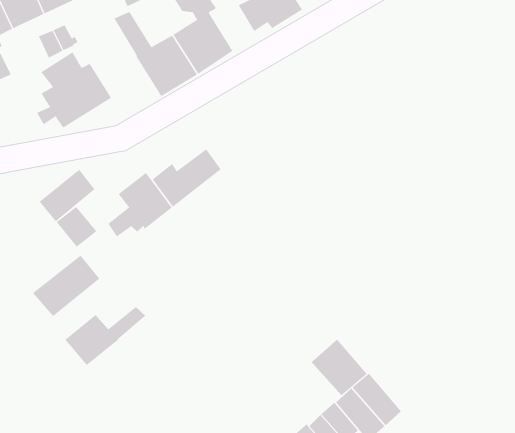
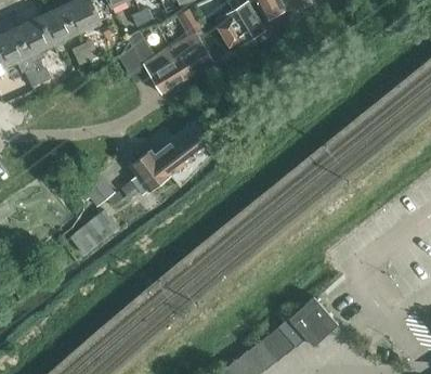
building: [37,51,112,128] -> none
building: [39,169,95,222] -> none
building: [64,306,146,366] -> none
building: [311,339,368,396] -> none

